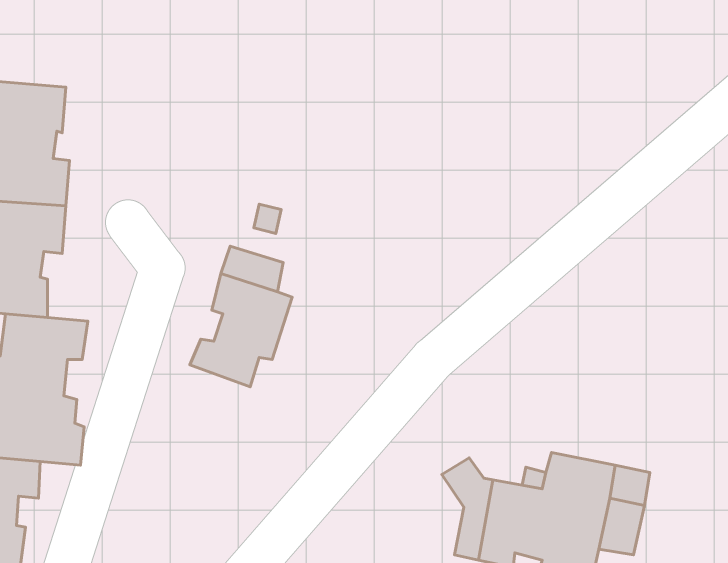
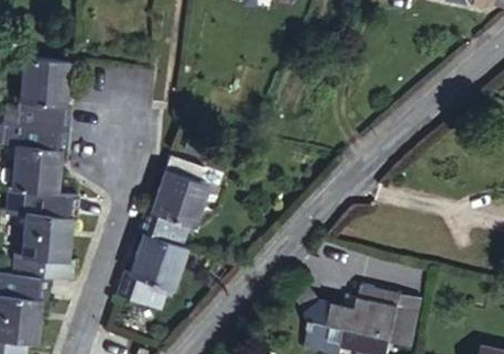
building: none -> [117,225,186,307]

